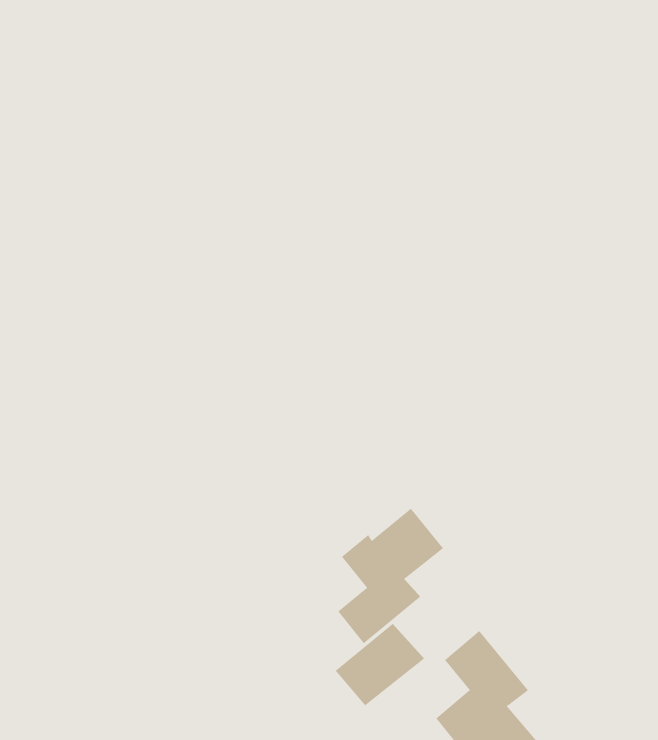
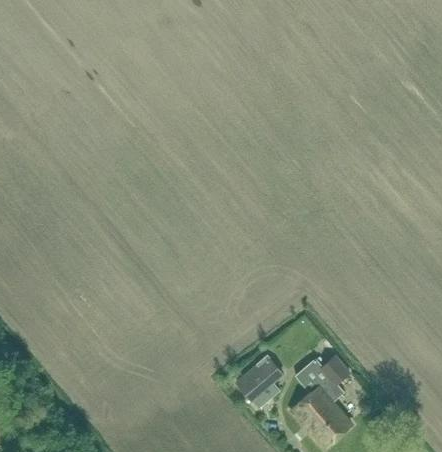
building: [337,508,444,644] -> none

